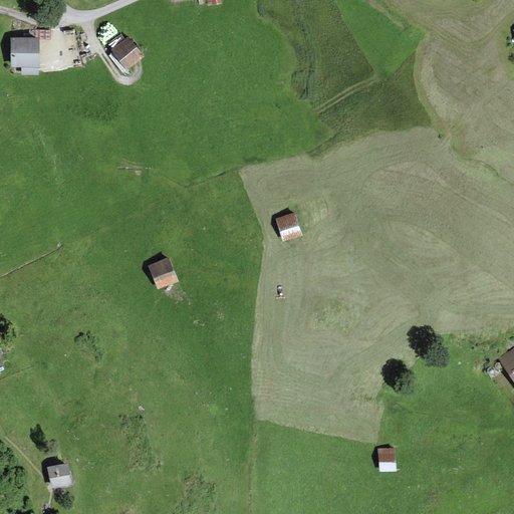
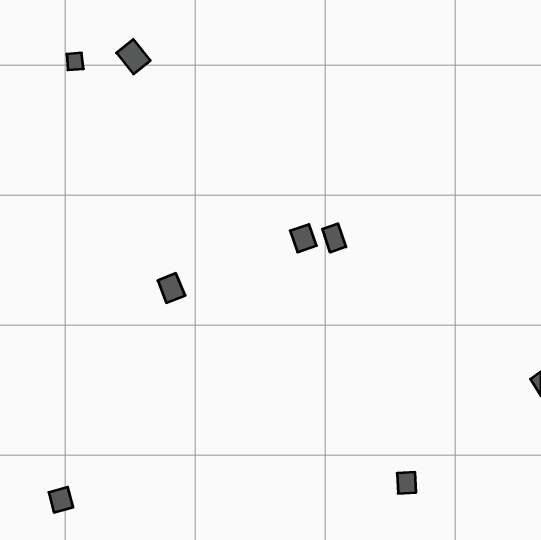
building: [13,37,38,72] -> none
building: none -> [322,224,346,252]

